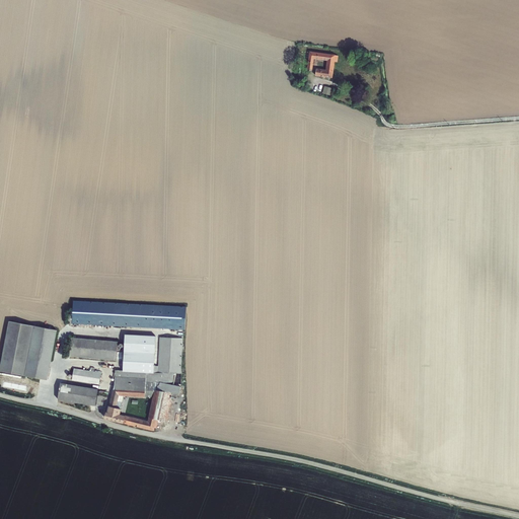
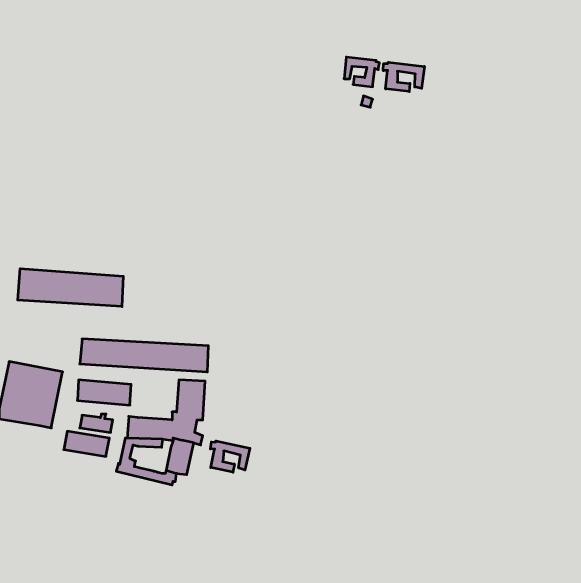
building: none -> [383,62,424,92]
building: none -> [18,269,123,307]
building: [123,335,155,373] -> none
building: none -> [210,441,250,472]

